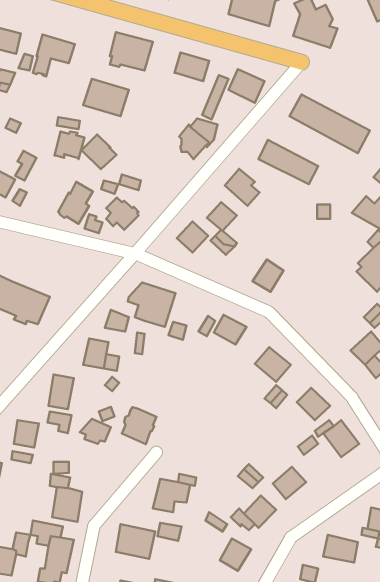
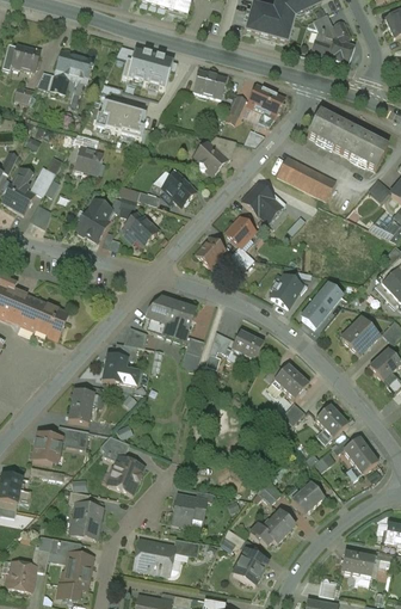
building: [82,134,116,169] -> [162,171,197,205]
building: none -> [300,281,343,327]
building: none -> [341,318,380,355]
building: [122,407,157,444] -> [109,455,143,492]

